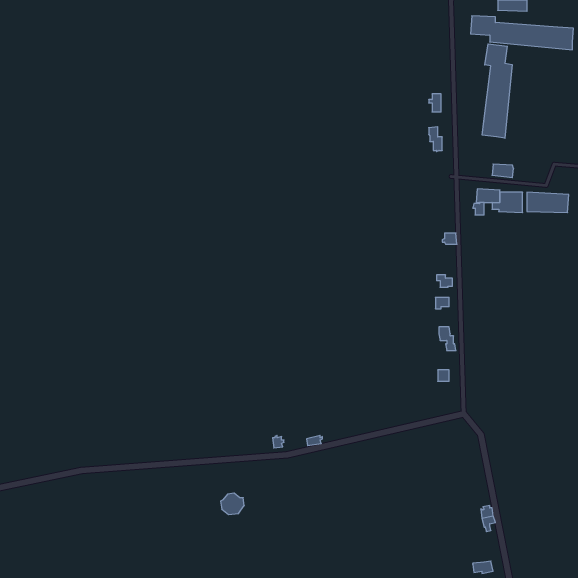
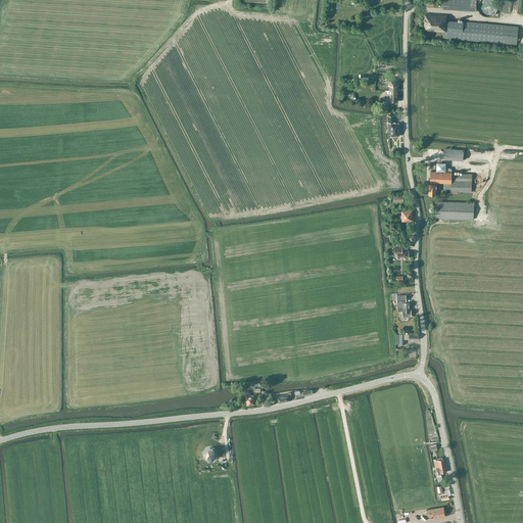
building: [482,44,512,138] -> none
building: [527,192,569,213] -> [436,201,474,220]

